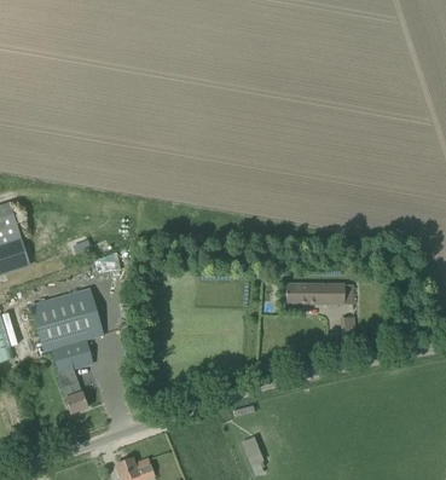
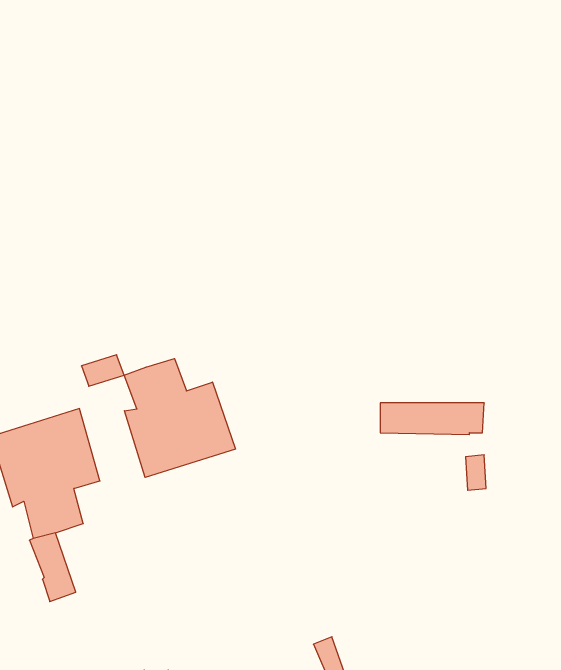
building: none -> [124,359,236,477]

